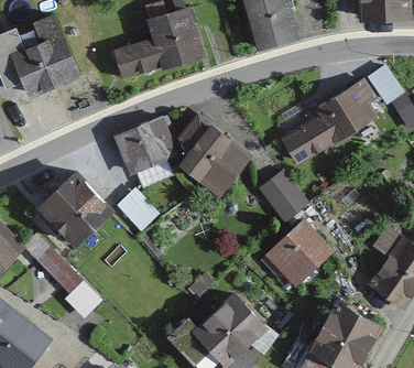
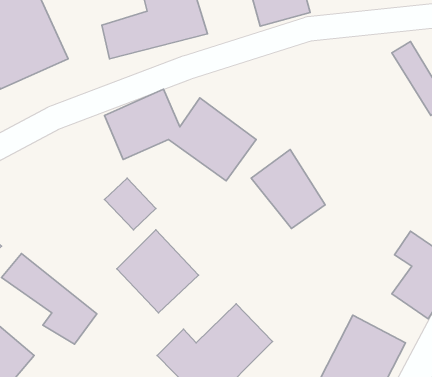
building: [274,79,379,173] -> none
building: [37,174,109,247] -> [117,230,199,313]
building: [264,220,335,290] -> none

